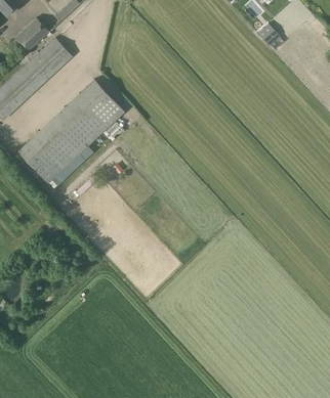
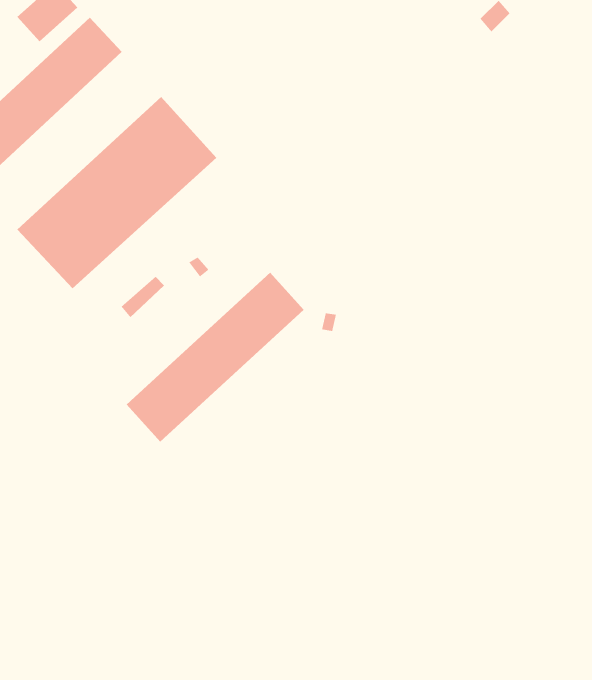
building: none -> [126,272,304,442]

